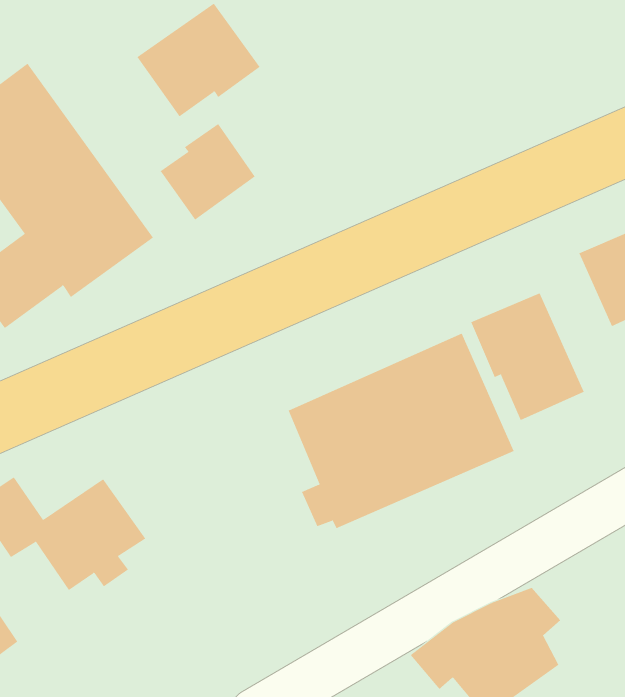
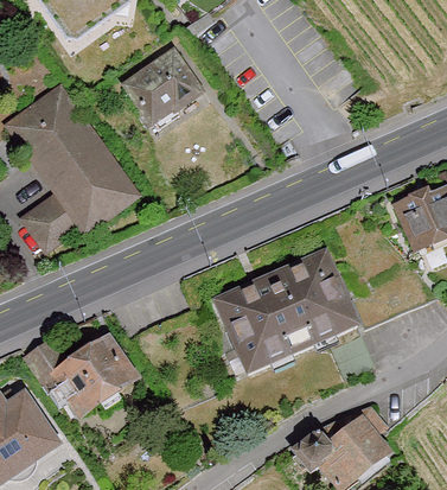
building: [160,123,256,221] -> none
building: [470,292,585,421] -> none

